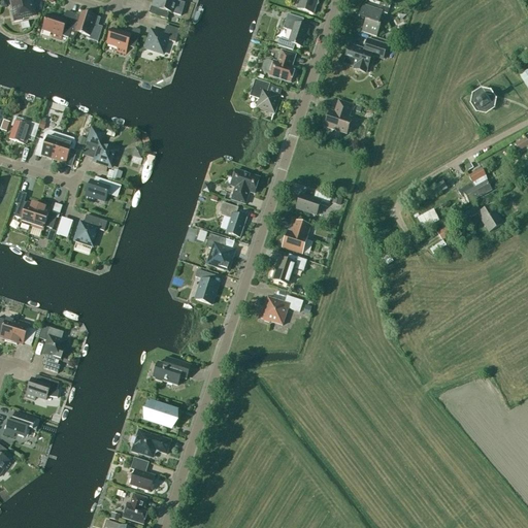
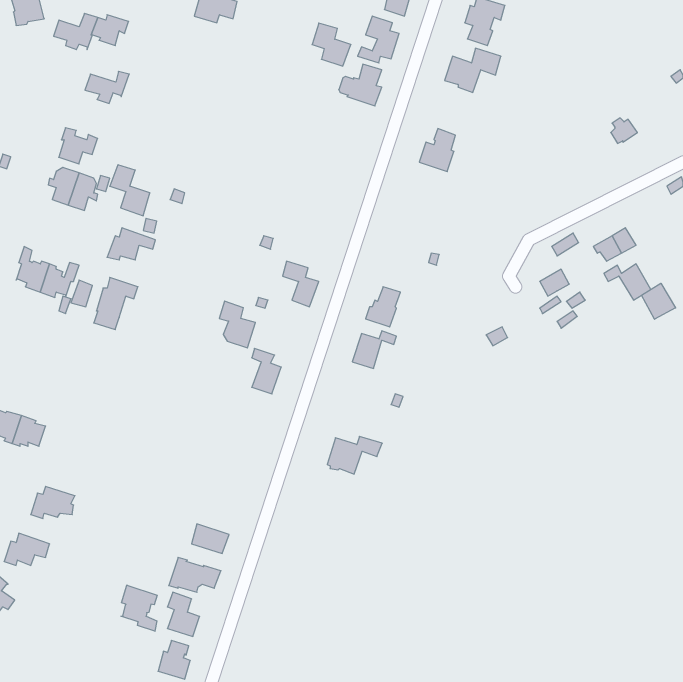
building: [144,24,178,53] -> none
building: [105,28,139,53] -> [85,71,129,103]
building: [249,78,278,111] -> [312,23,351,66]
building: [8,116,38,143] -> [59,128,98,164]
building: [229,168,258,203] -> none
building: [295,190,330,213] -> none
building: none -> [641,283,676,319]
building: [204,232,232,268] -> [219,301,255,348]
building: [260,295,302,324] -> [327,436,382,474]
building: [36,323,65,371] -> none
building: [152,356,190,384] -> none
building: none -> [121,585,157,631]

